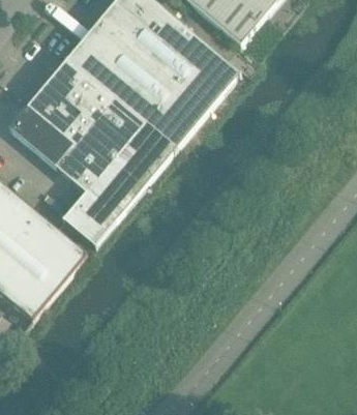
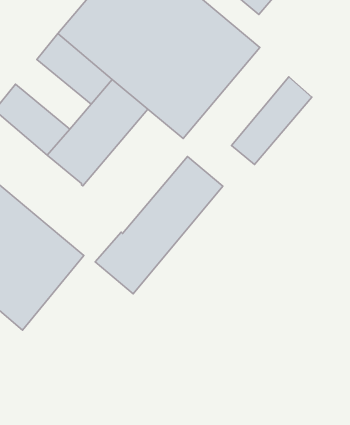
building: [27,83,93,144] -> none
building: none -> [232,77,312,164]
building: [62,126,174,246] -> [95,157,223,294]

